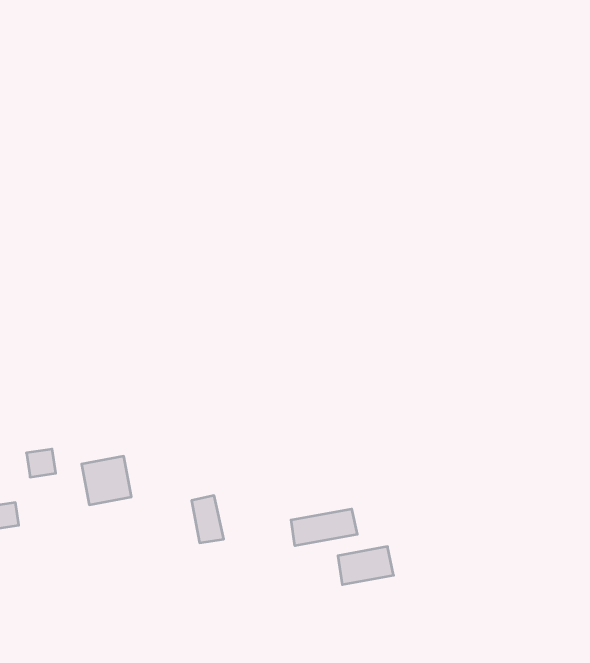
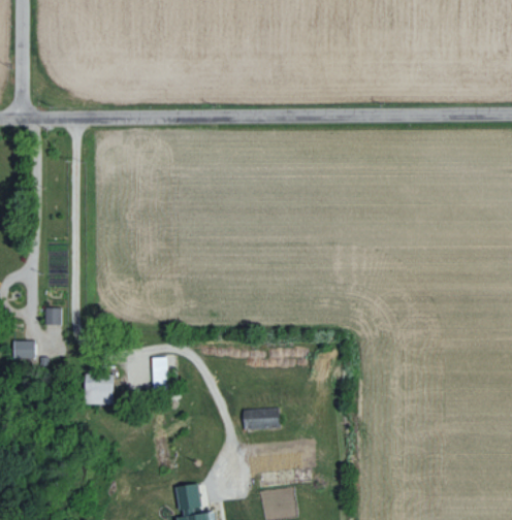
building: [82,456,131,505] -> [84,376,114,404]
building: [291,509,357,546] -> none

